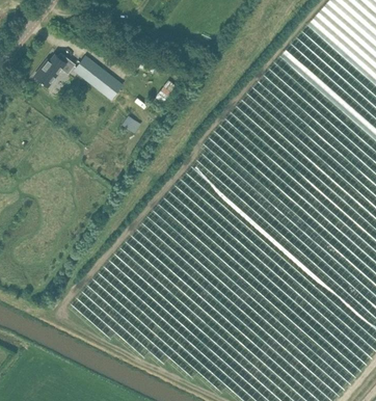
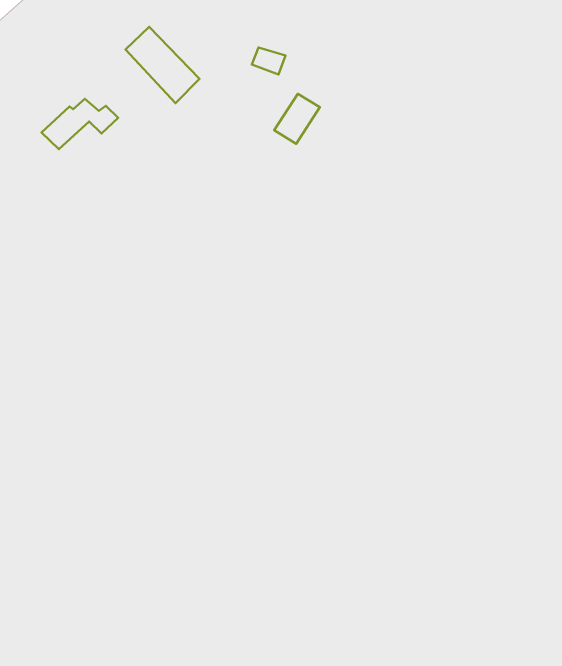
building: [37,57,76,85] -> [41,99,118,149]

